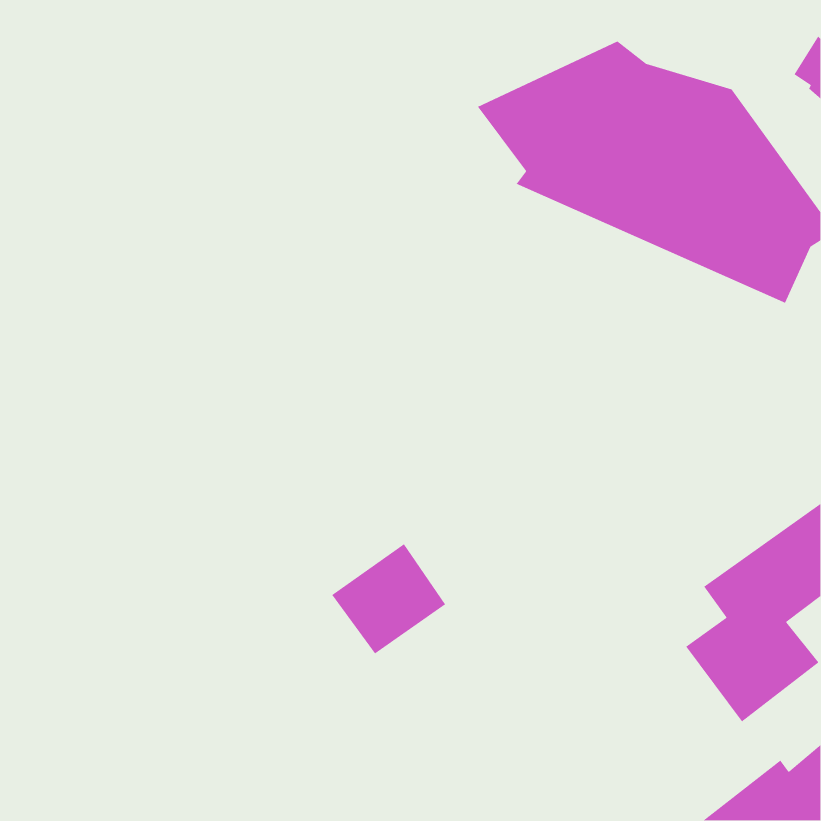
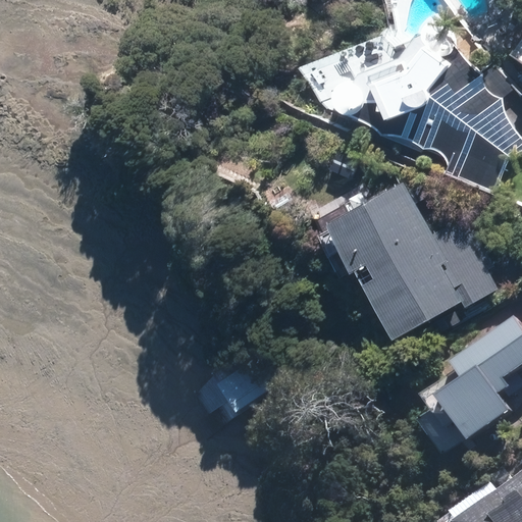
building: none -> [313,178,499,343]

